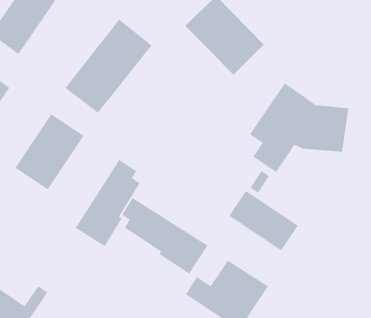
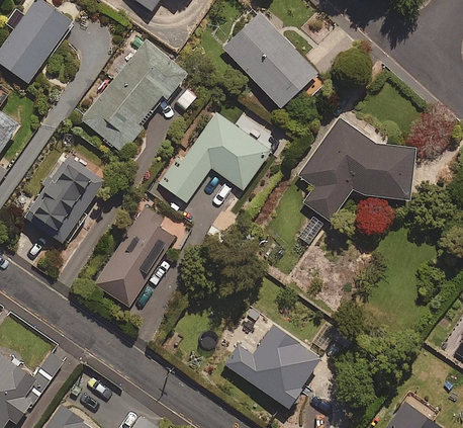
building: none -> [160,112,271,203]
building: [228,190,298,251] -> none
building: [121,197,208,275] -> none

